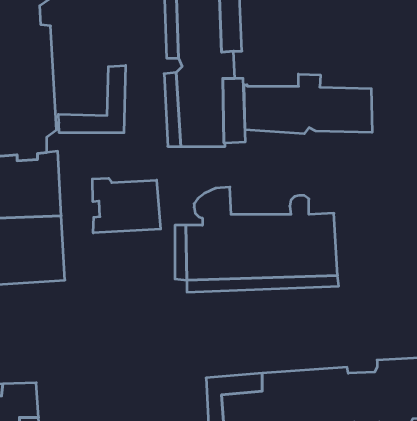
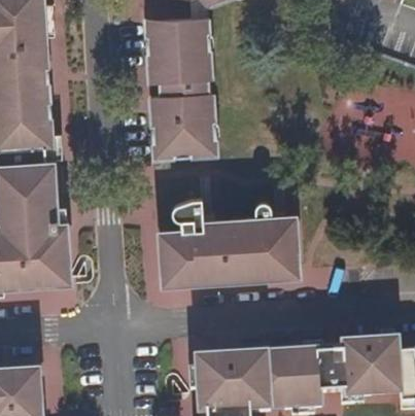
building: [58,65,126,133] -> none
building: [244,74,372,134] -> none
building: [92,178,161,233] -> none

